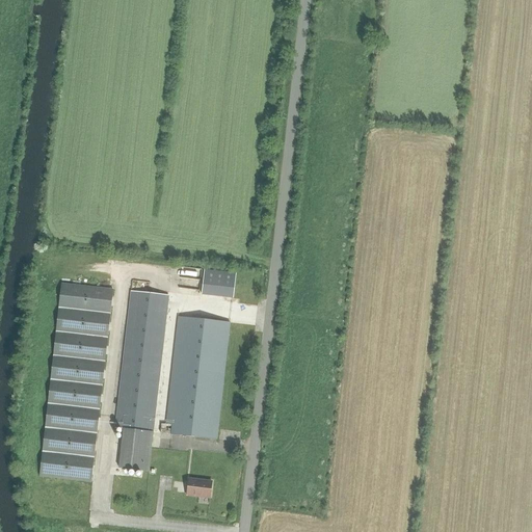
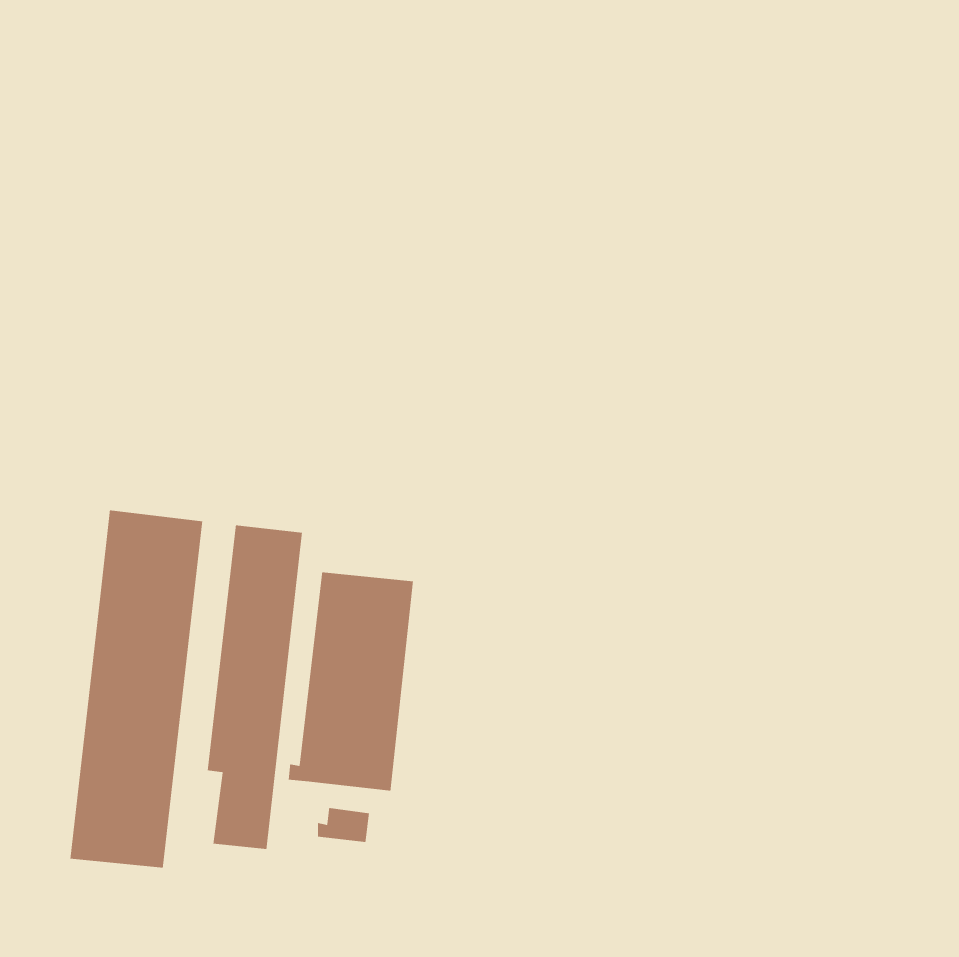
building: [202,267,236,295] -> none
building: [182,477,211,497] -> [317,807,370,843]

